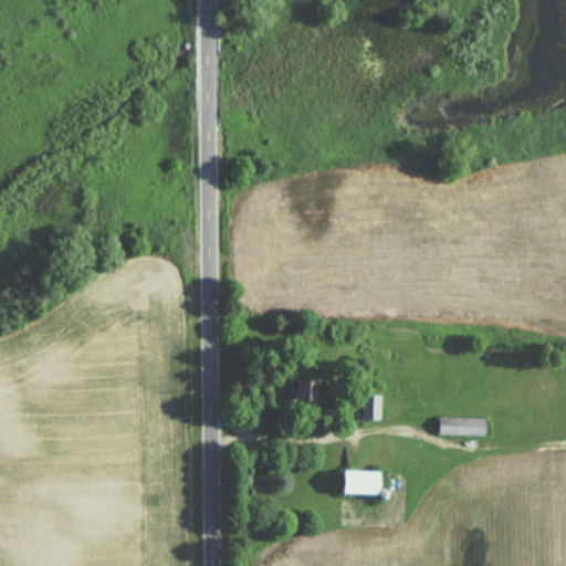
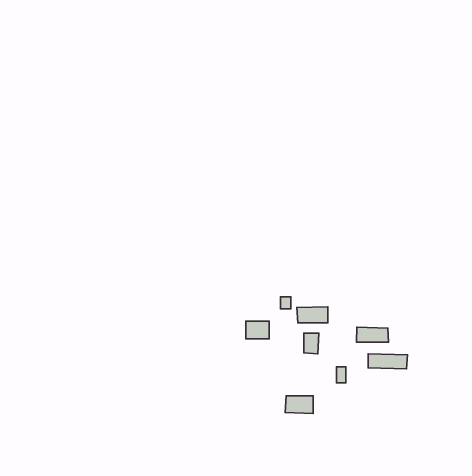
building: none -> [297,307,328,323]
building: none -> [356,327,389,342]

